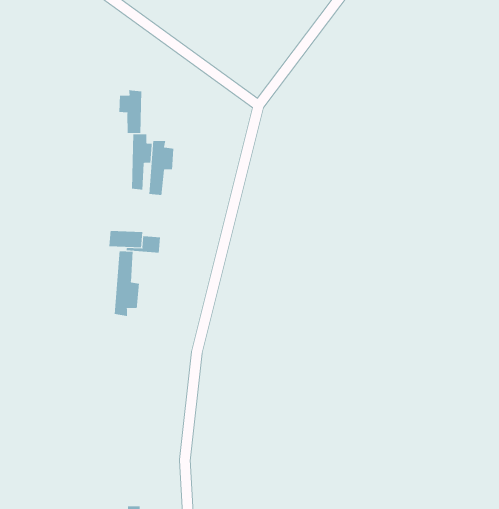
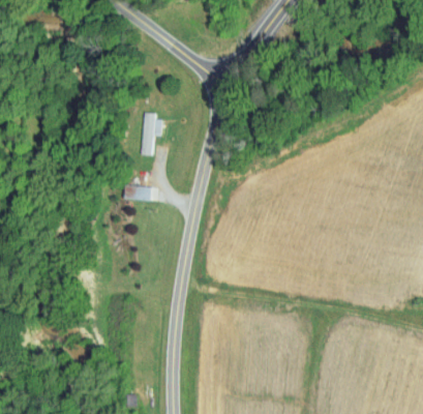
building: [119,90,142,134] -> none
building: [114,250,139,317] -> none

